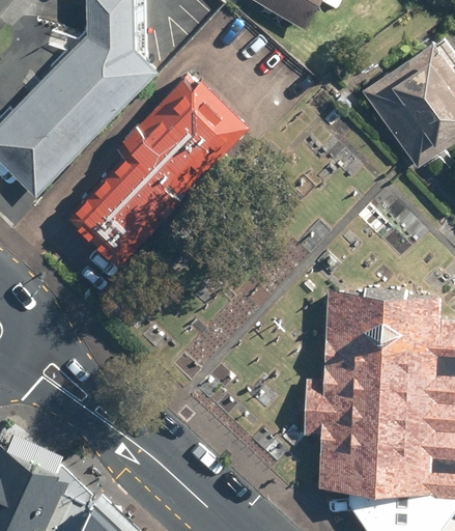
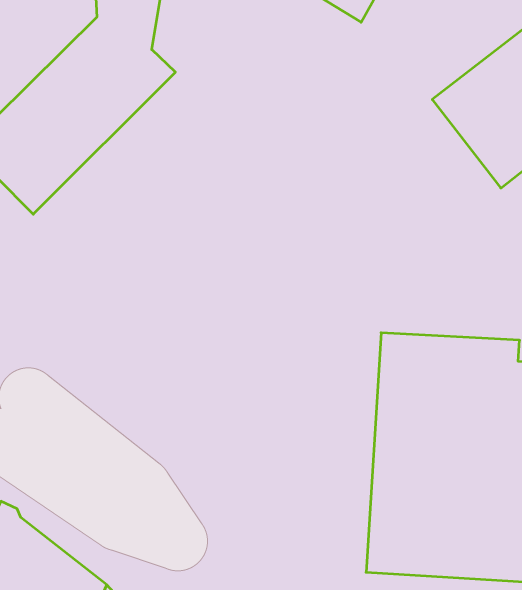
building: [69,66,254,262] -> none

